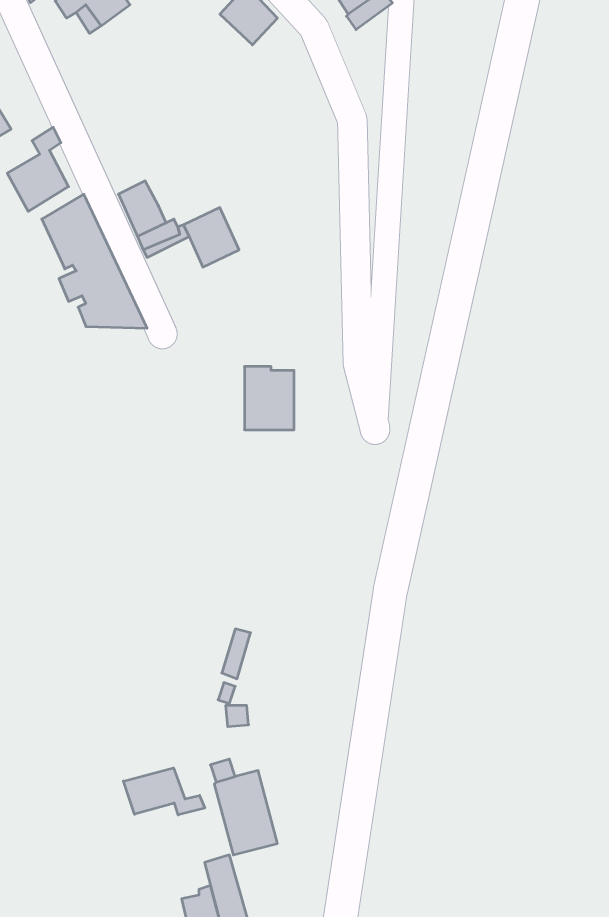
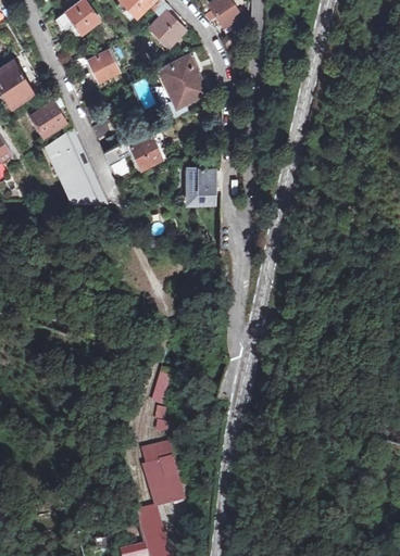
building: none -> [90,51,118,80]
building: none -> [162,55,205,116]
building: [244,367,294,430] -> [186,168,214,204]
building: [123,768,205,815] -> none

